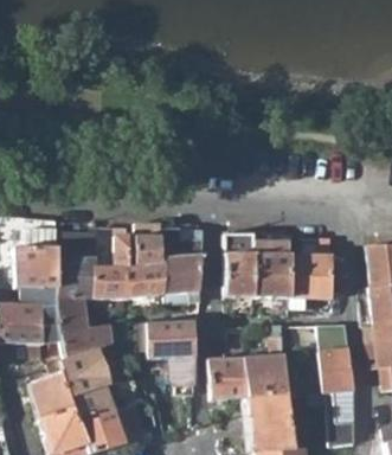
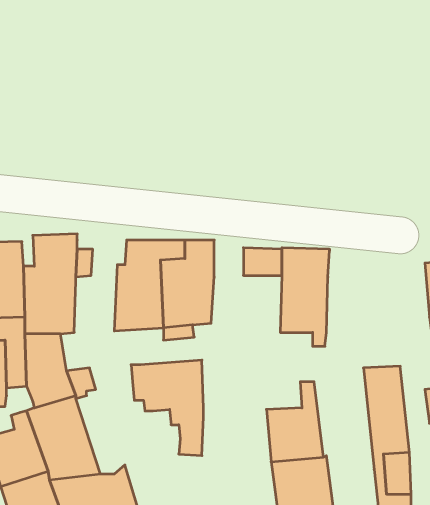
building: [95,236,128,300] -> none
building: [288,238,334,310] -> none
building: [225,256,255,300] -> none
building: [207,359,246,402] -> none

